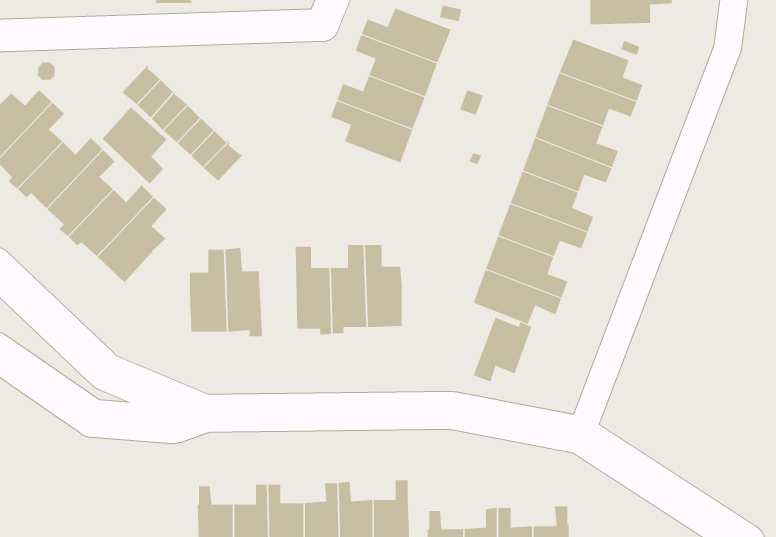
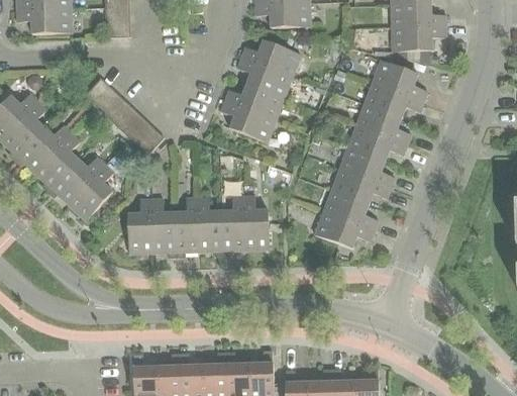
building: [102,107,167,184] -> none
building: none -> [174,197,198,257]
building: [473,317,532,382] -> none

